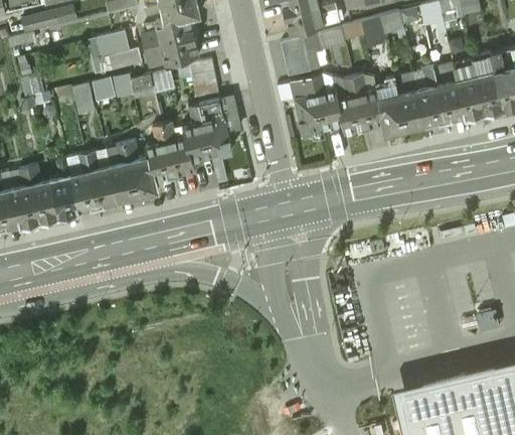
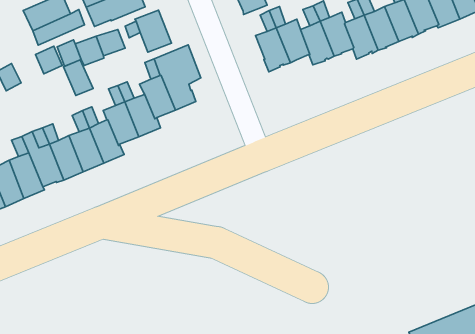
building: [71,84,96,116] -> [64,60,93,95]

